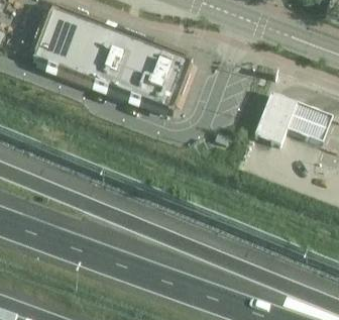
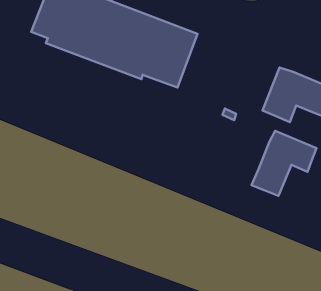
building: none -> [252,131,317,196]

